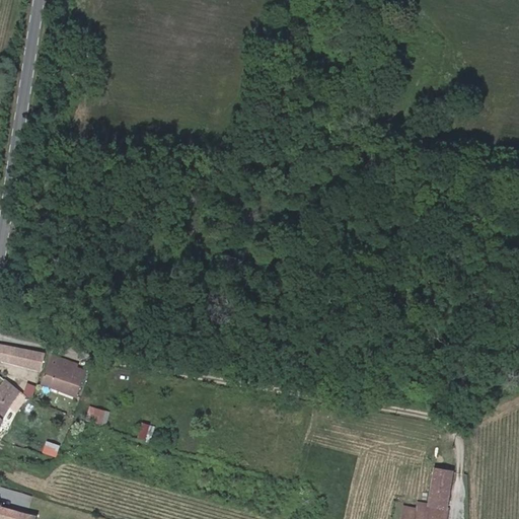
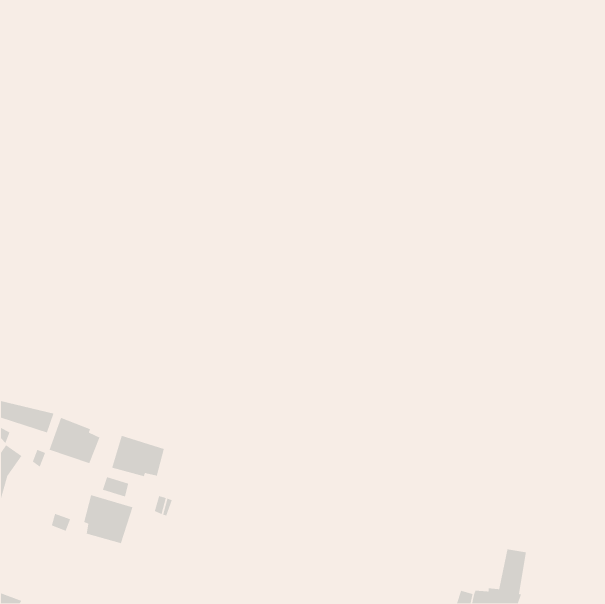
building: none -> [111,435,165,477]
building: none -> [83,494,134,544]

